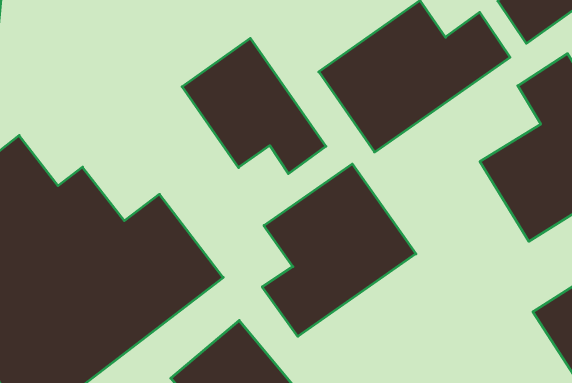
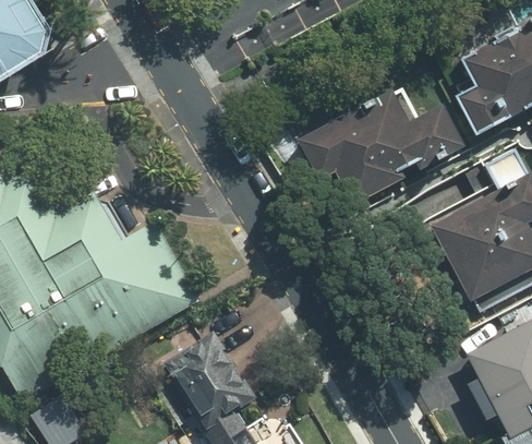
building: [182,38,326,174] -> none
building: [262,164,416,336] -> none

